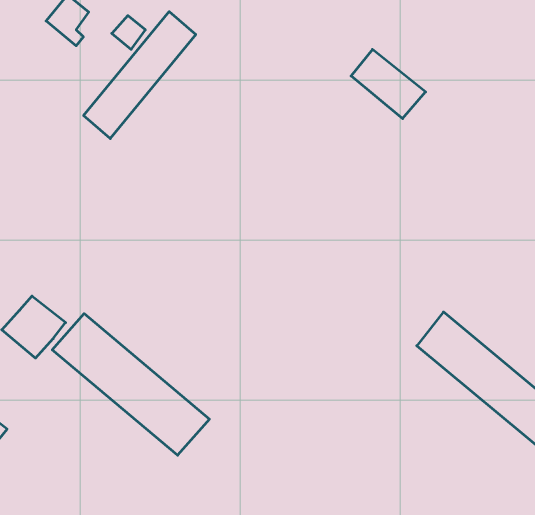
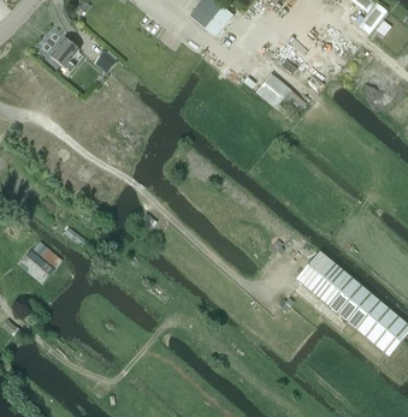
building: [84,12,196,139] -> none
building: [52,314,209,455] -> none

